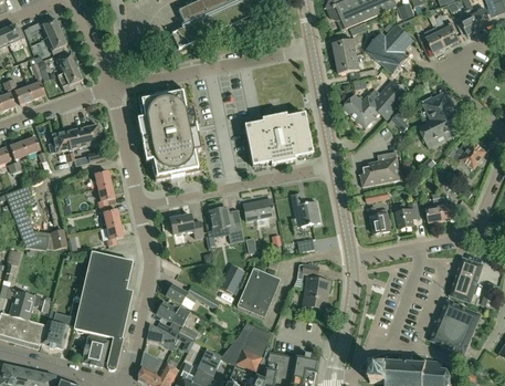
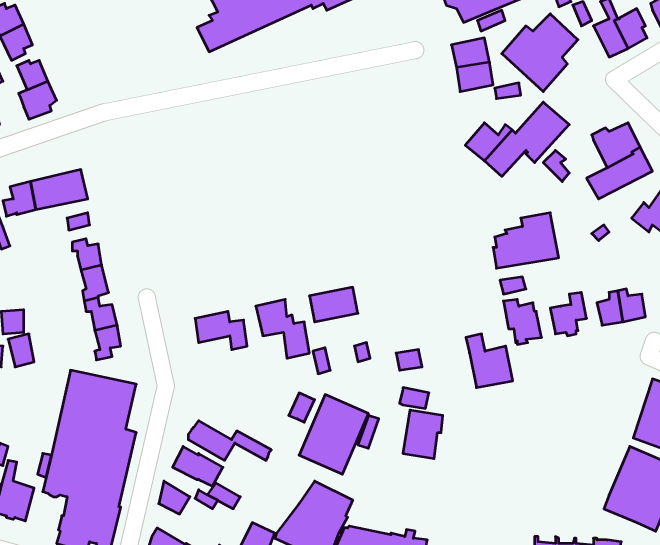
building: [136,87,201,181] -> none
building: [243,113,312,165] -> none
building: [291,191,320,226] -> [466,334,513,388]

